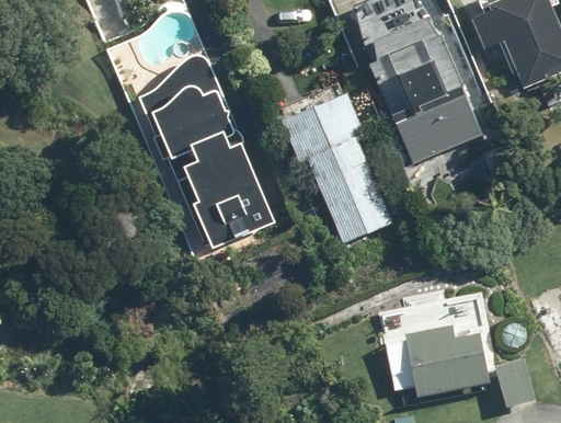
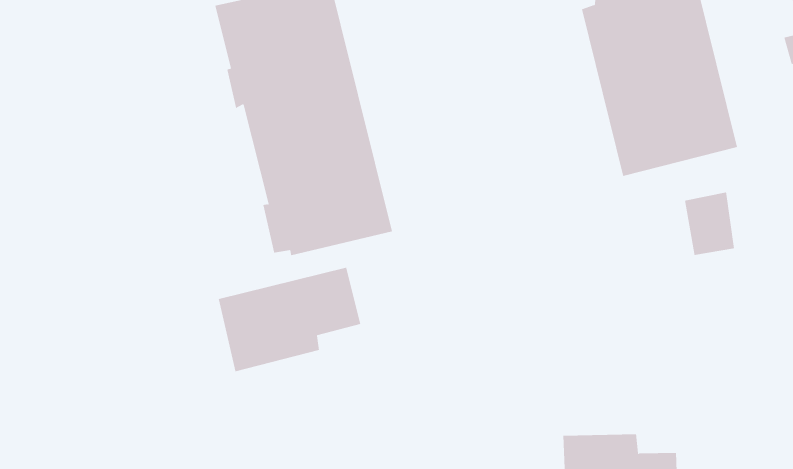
building: [282,91,392,243] -> none
building: none -> [218,267,361,372]

